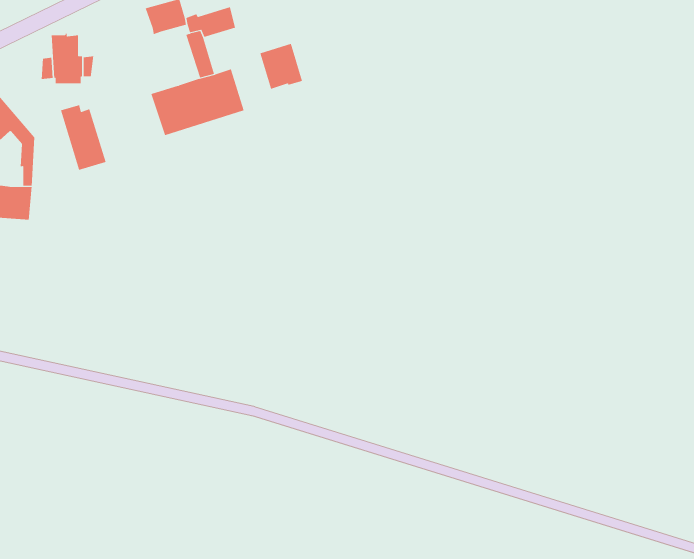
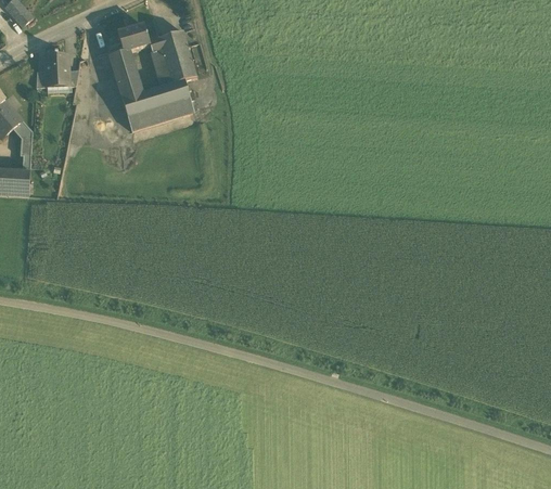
building: [259,43,303,90] -> [162,47,195,82]
building: [60,104,107,170] -> [106,47,142,98]

